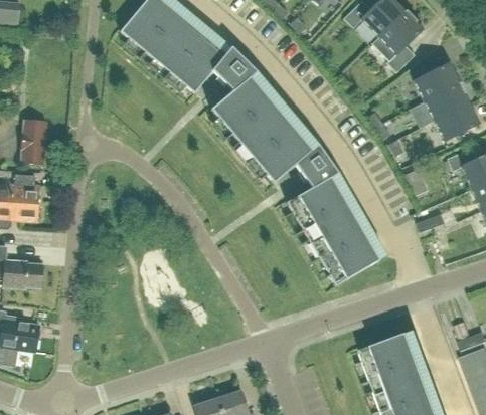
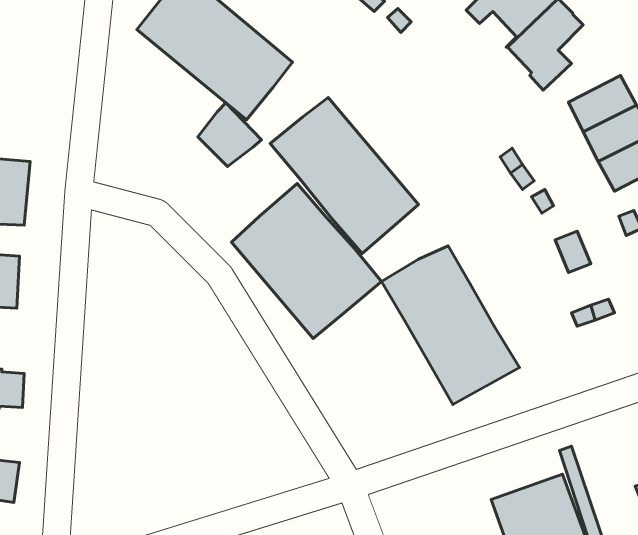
building: [212,47,256,90] -> [198,103,262,167]
building: none -> [231,183,382,338]
building: [295,145,338,187] -> none

